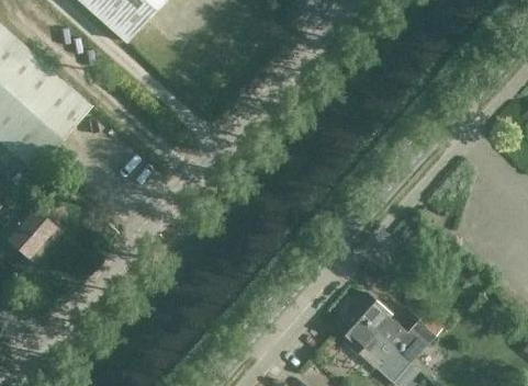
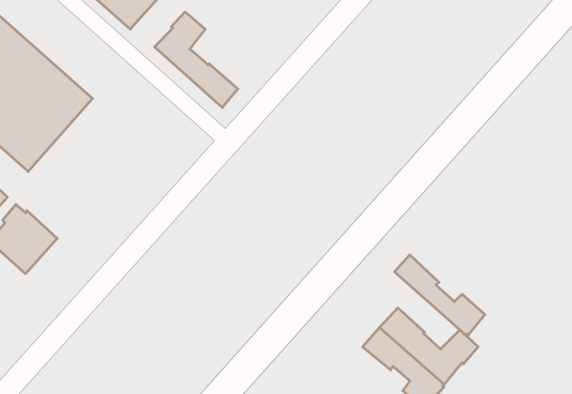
building: none -> [155,12,238,108]
building: none -> [395,255,485,335]

